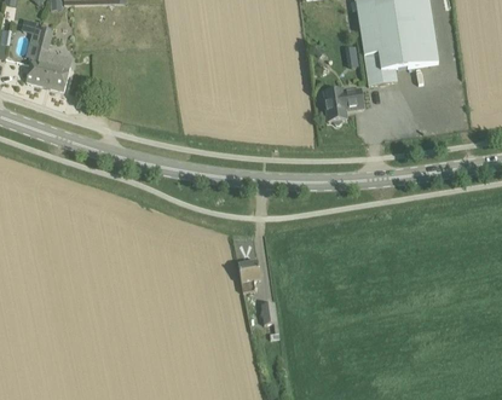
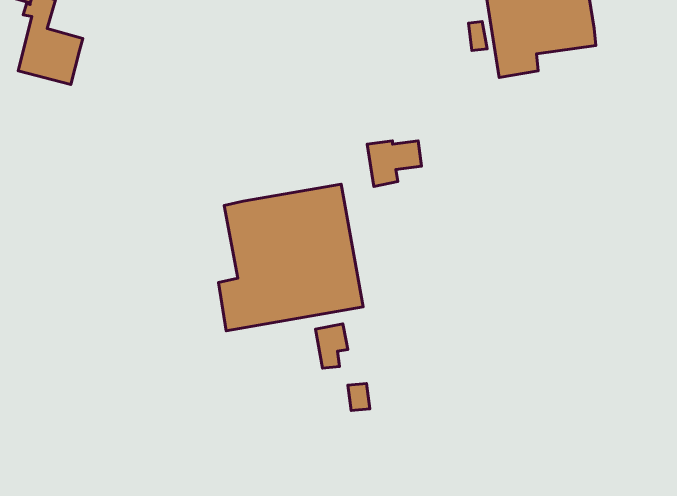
building: [324,88,363,121] -> [367,141,421,187]
building: none -> [218,184,363,331]

